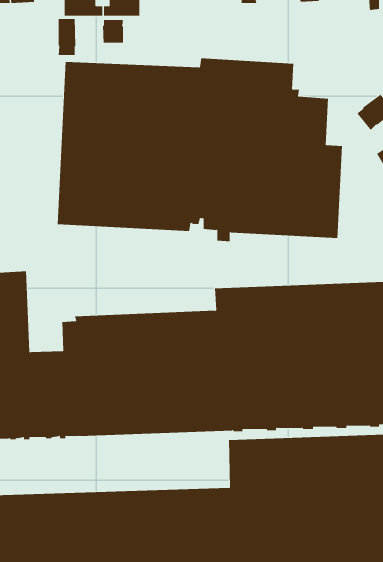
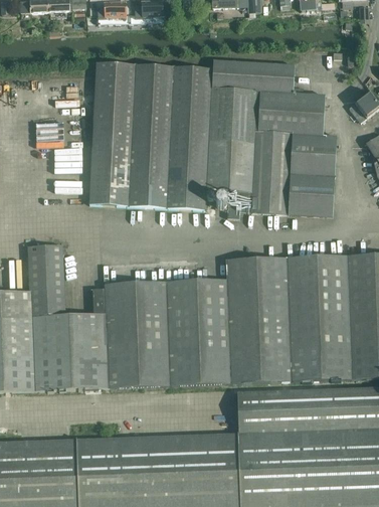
building: [58,18,76,56] -> none
building: [103,19,124,44] -> none

